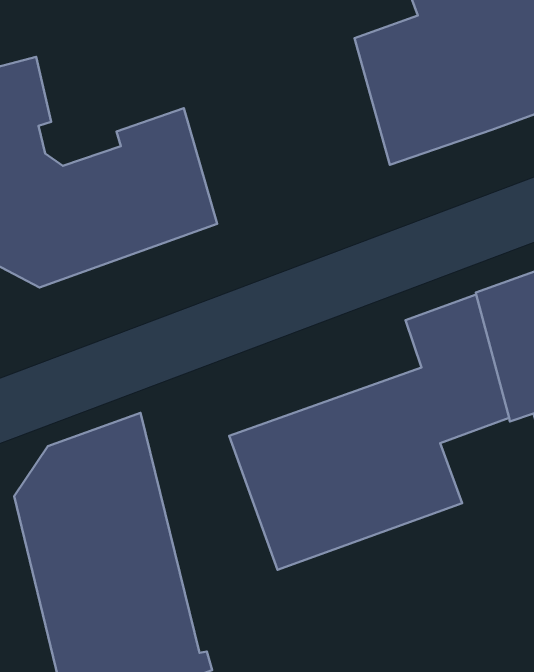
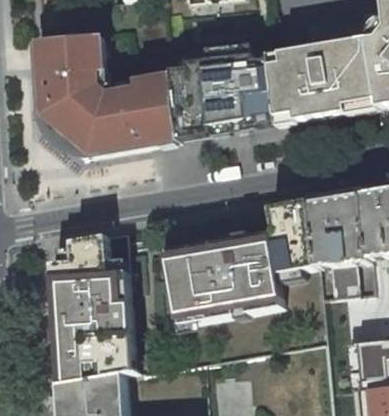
building: none -> [172,52,274,139]

